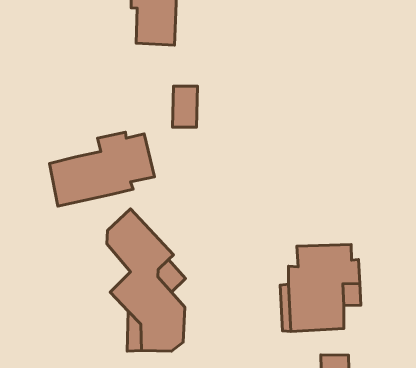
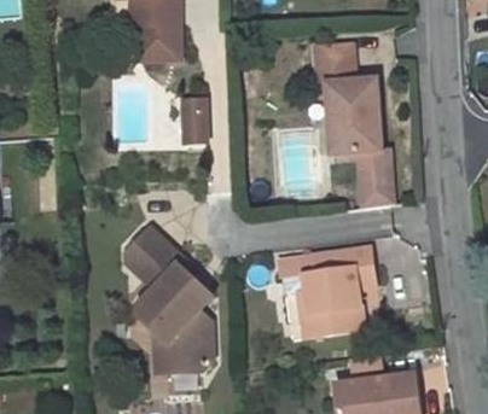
building: none -> [316,37,395,208]
building: [49,132,154,206] -> none

